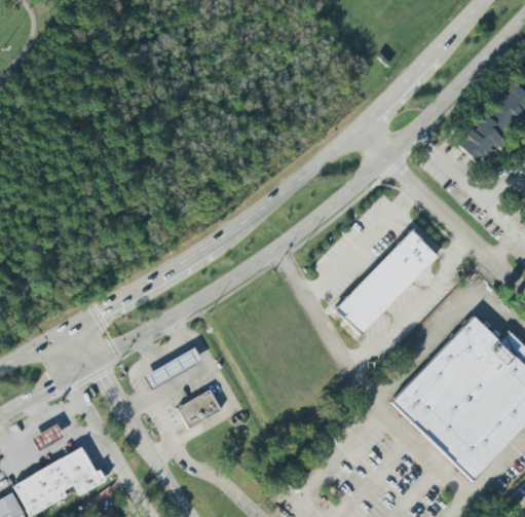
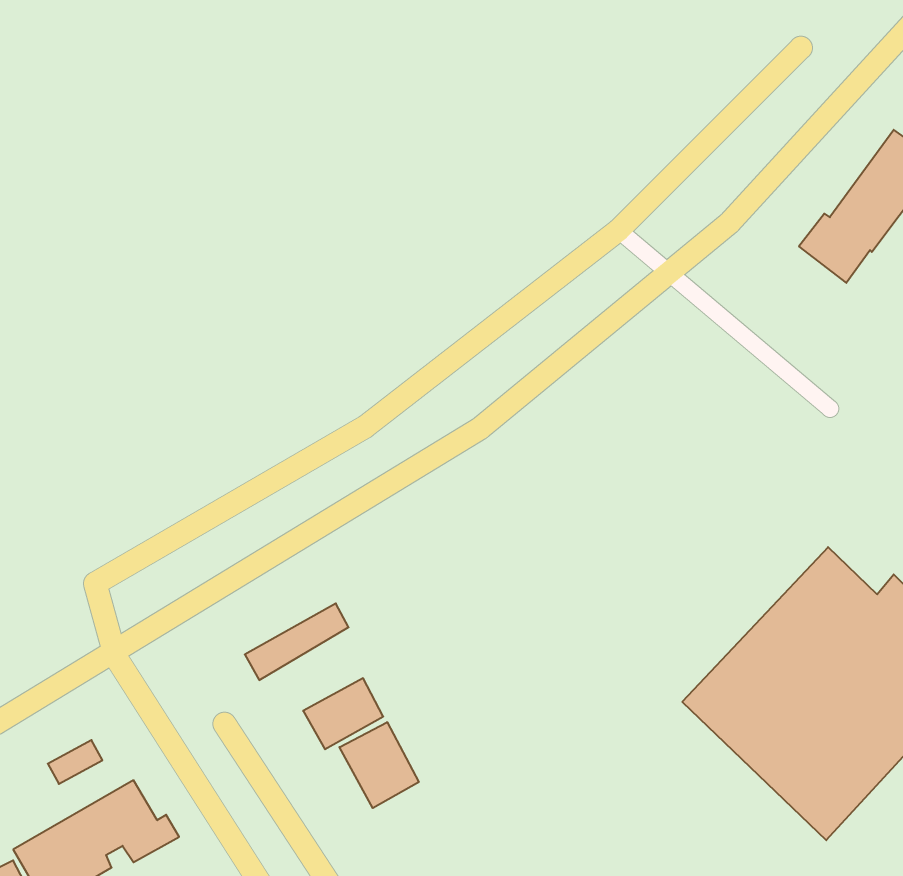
building: [336,227,439,333] -> none
building: none -> [339,722,419,808]

